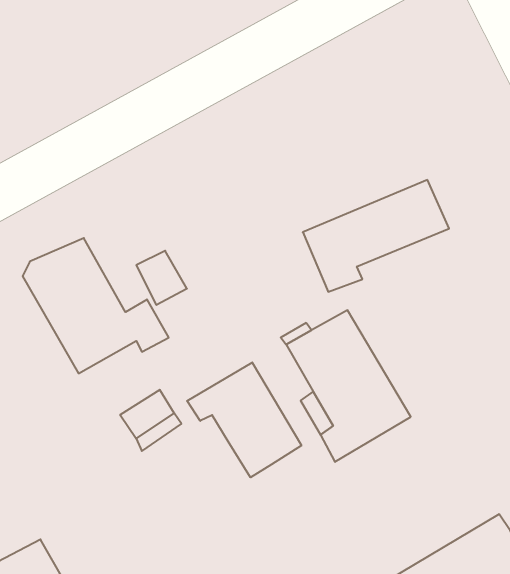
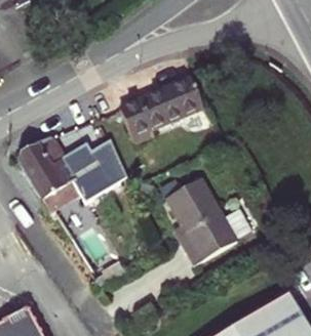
building: [303,180,449,292] -> [121,77,204,140]
building: [187,362,301,477] -> none

